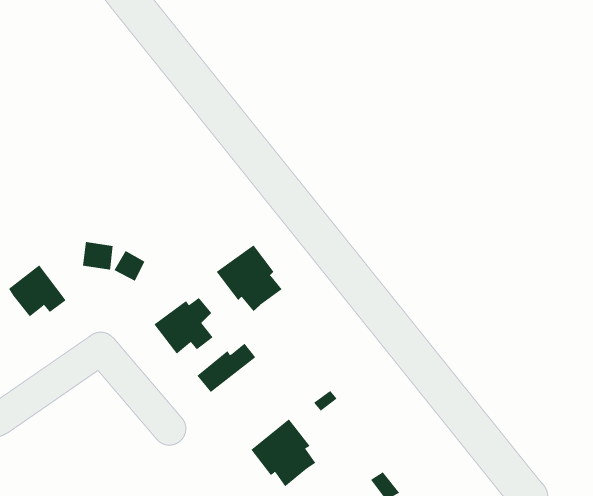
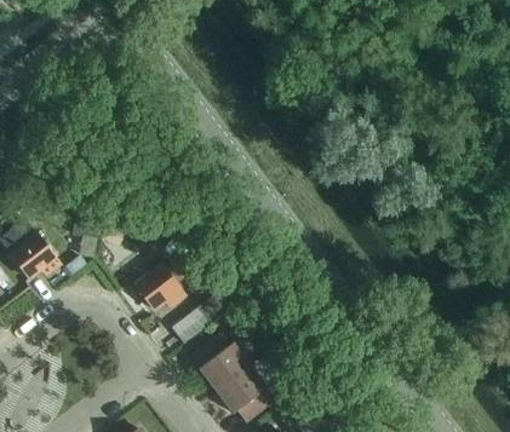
building: [216,244,283,312] -> none
building: none -> [195,333,251,391]

